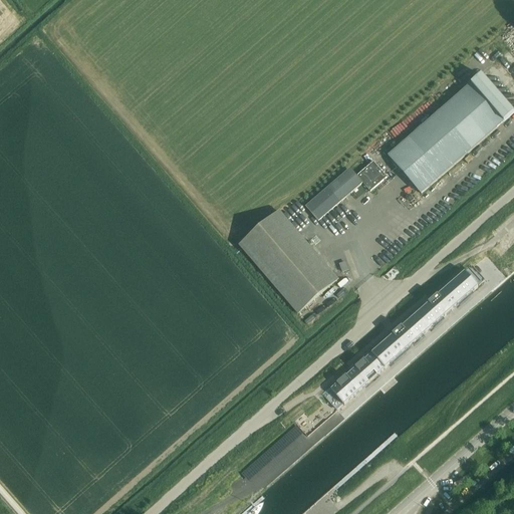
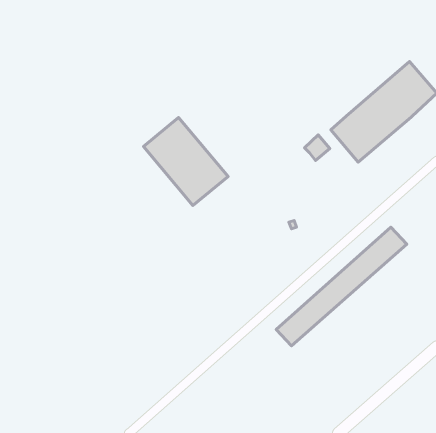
building: [306,169,359,218] -> none
building: [239,208,338,311] -> [143,117,228,205]

